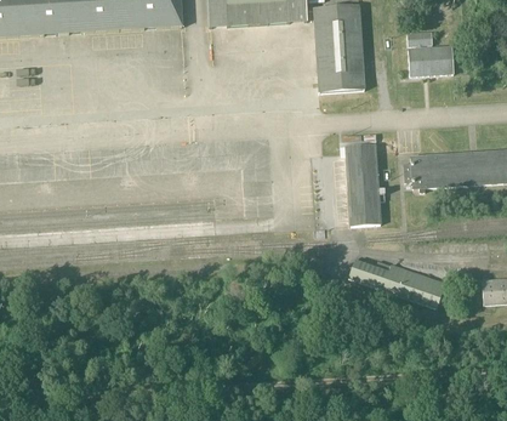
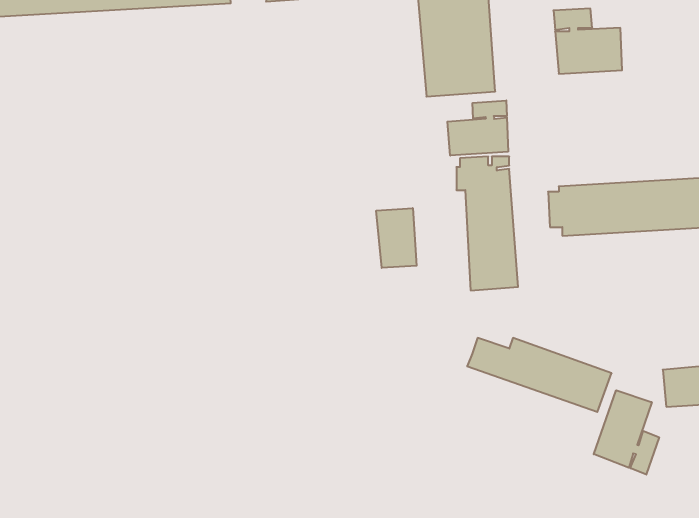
building: none -> [447,100,508,156]
building: none -> [376,208,417,268]
building: none -> [594,390,659,475]

